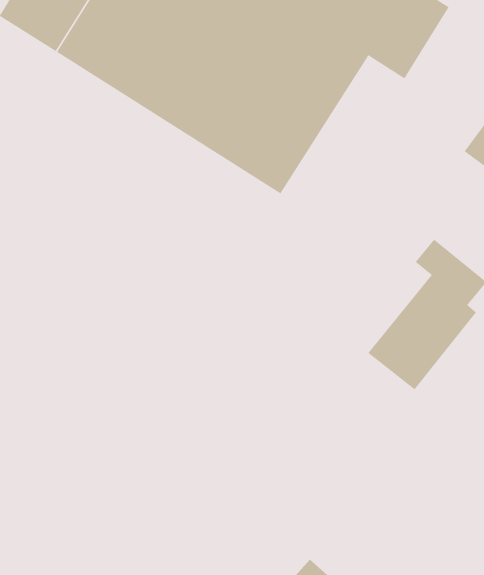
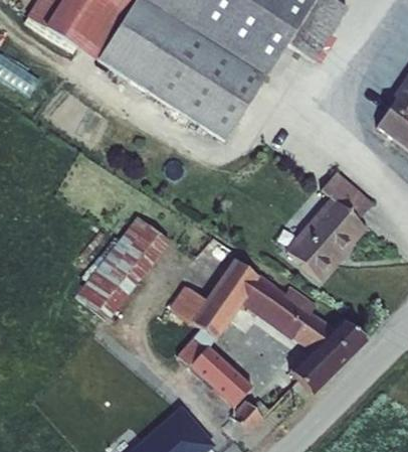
building: none -> [79,216,170,321]
building: none -> [163,249,362,398]

